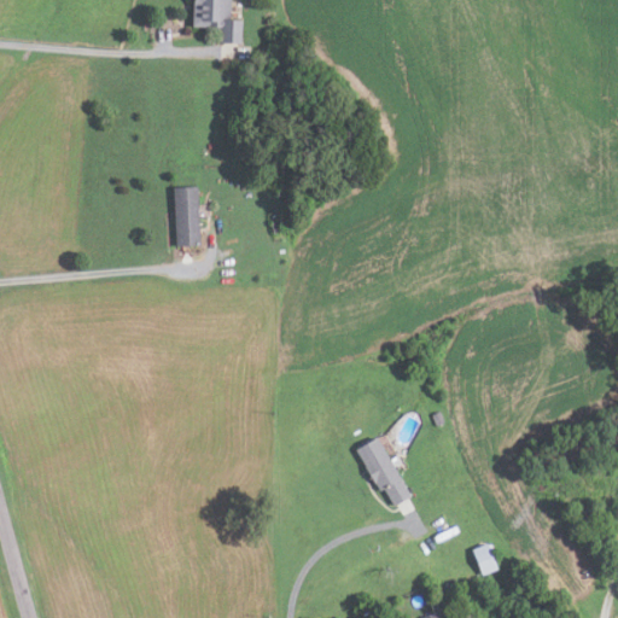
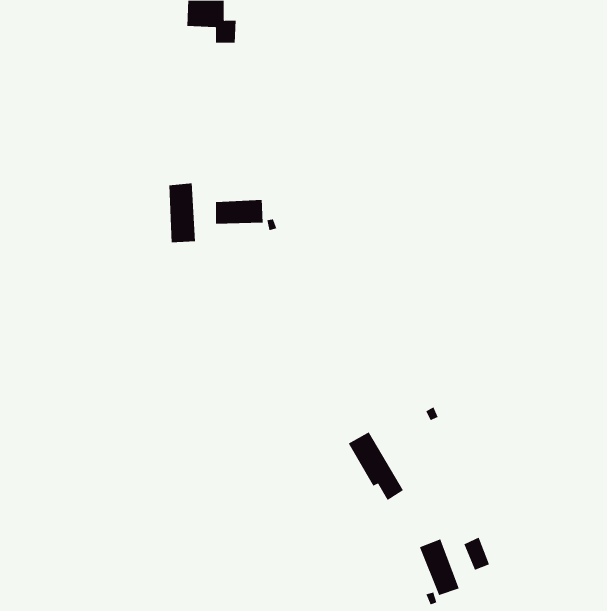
building: none -> [216,199,263,225]
building: none -> [419,538,460,596]

